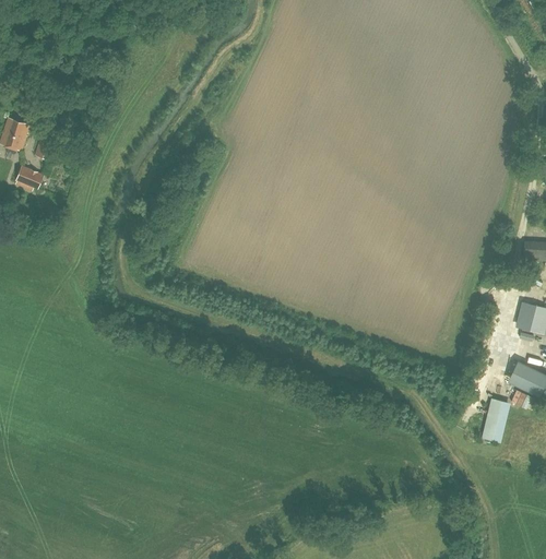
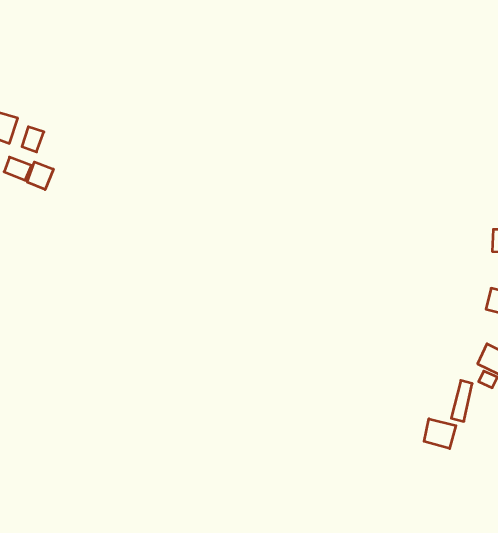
building: none -> [27,162,53,190]
building: none -> [424,419,456,449]

